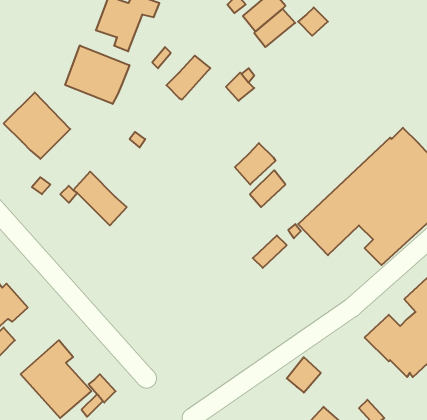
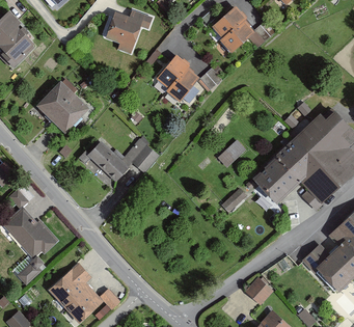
building: [65,45,129,104] -> none
building: none -> [167,66,199,101]
building: [235,143,276,185] -> none
building: none -> [119,137,158,170]

